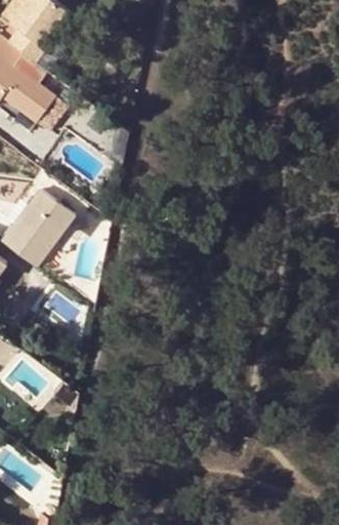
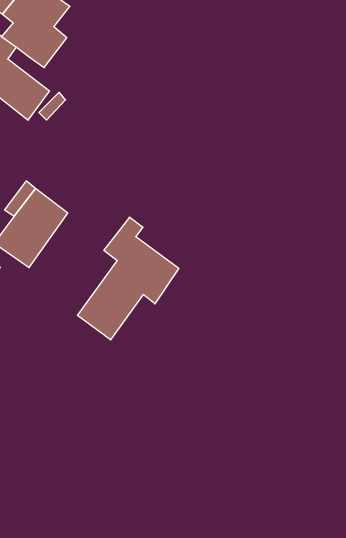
building: none -> [78,217,179,340]

